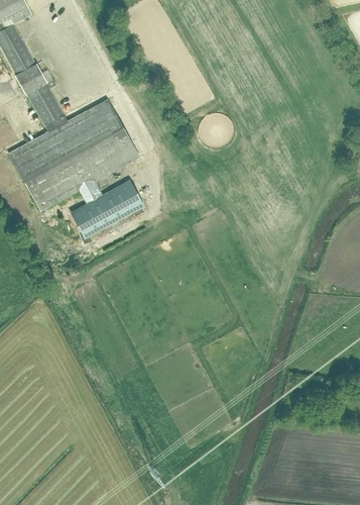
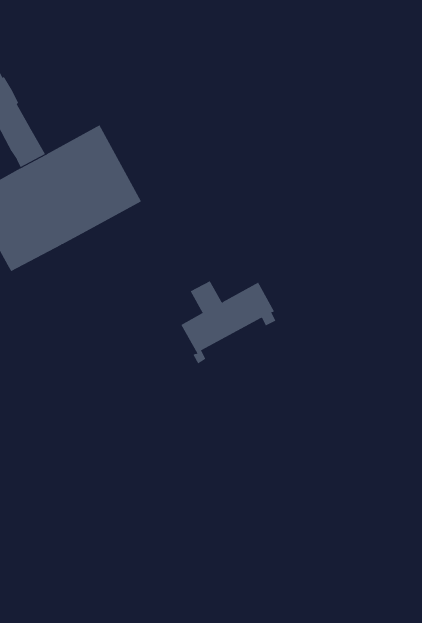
building: [72,180,143,242] -> [180,280,276,364]

